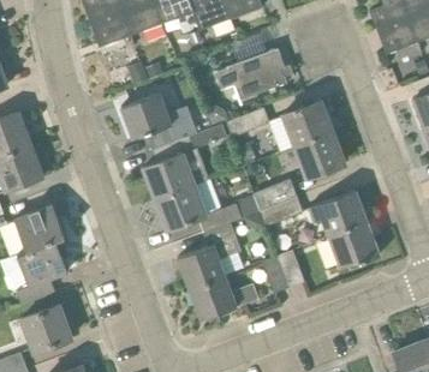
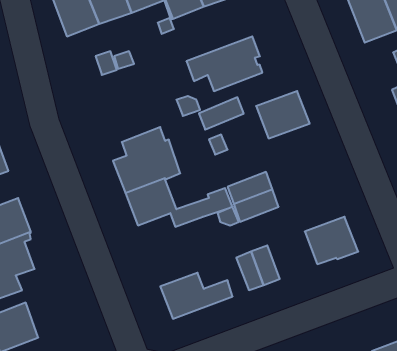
building: [120,92,195,149] -> none
building: [293,132,345,178] -> none
building: [309,190,367,236] -> none
building: [177,222,240,289] -> none

